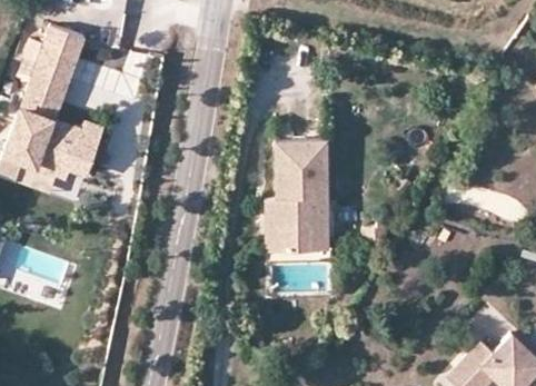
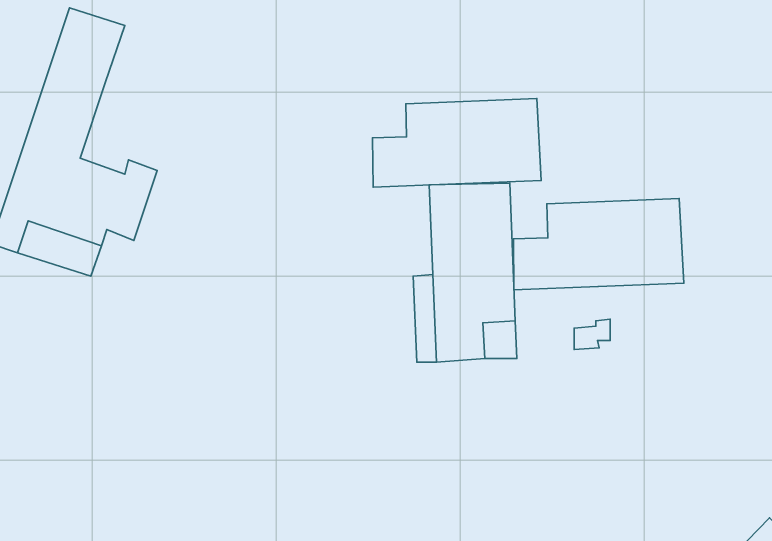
building: none -> [373,98,541,187]
building: none -> [514,198,684,290]

